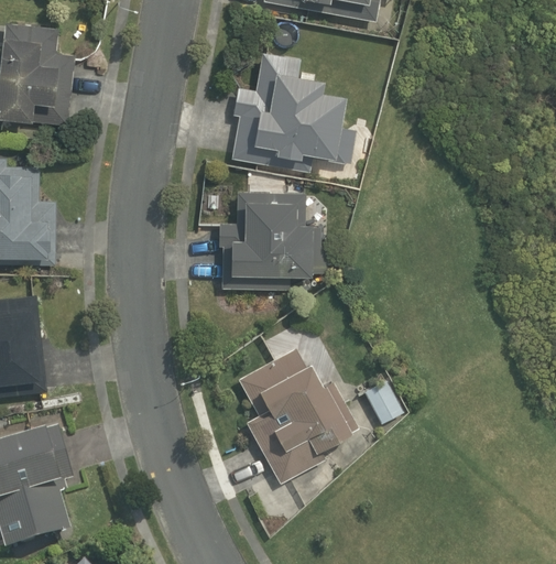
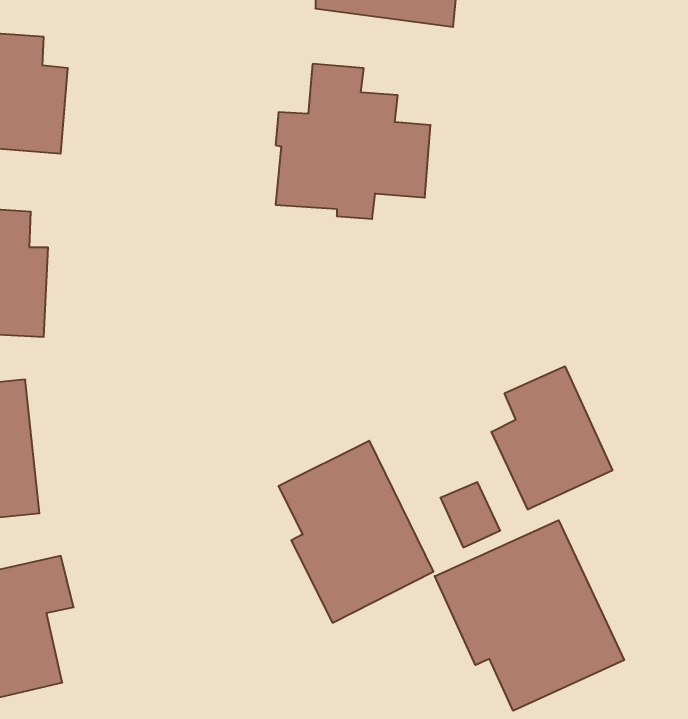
building: [216,192,328,291] -> none
building: none -> [491,366,612,510]
building: none -> [435,520,624,711]

